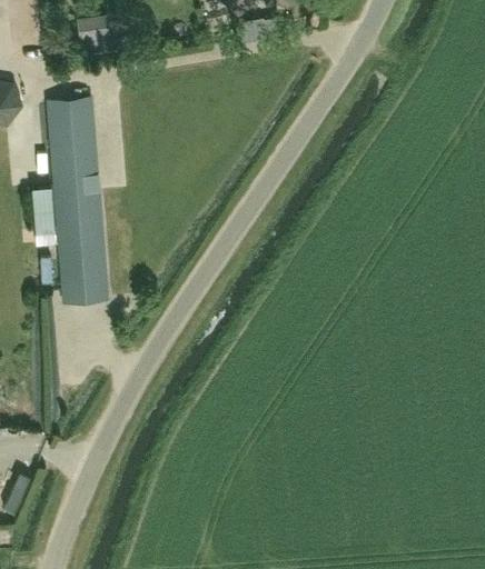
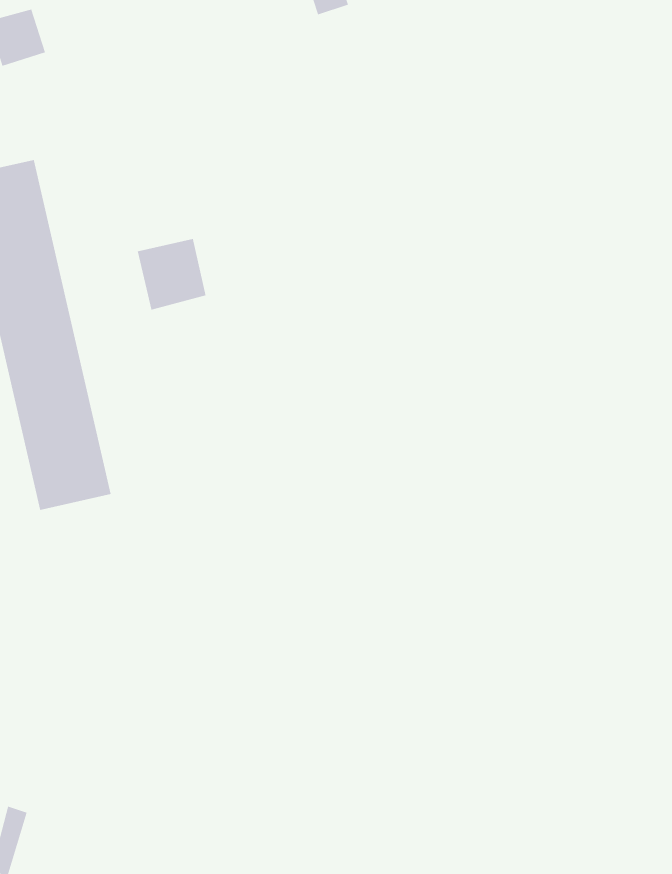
building: none -> [137,238,206,311]

